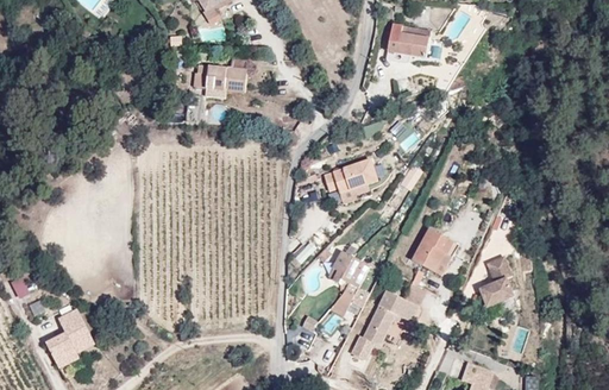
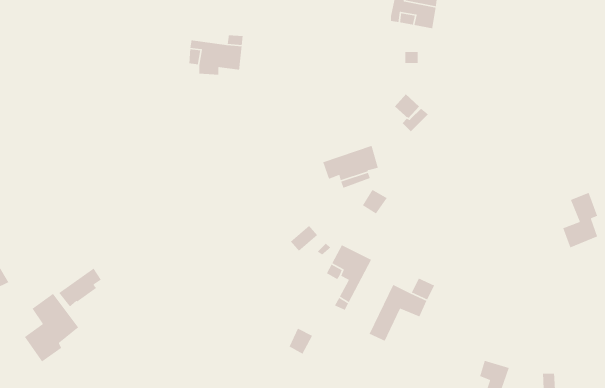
building: [409,228,457,278] -> none
building: [479,254,513,307] -> [562,192,598,248]
building: none -> [58,268,102,307]

